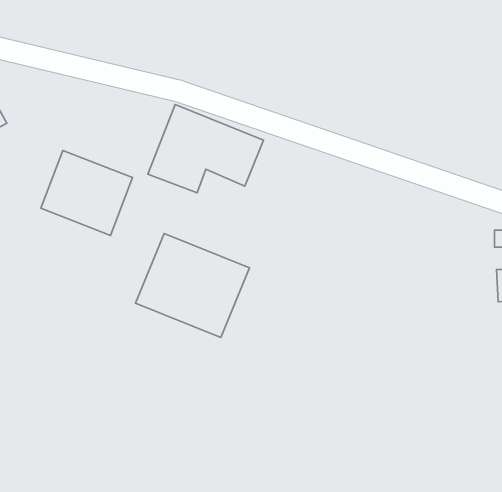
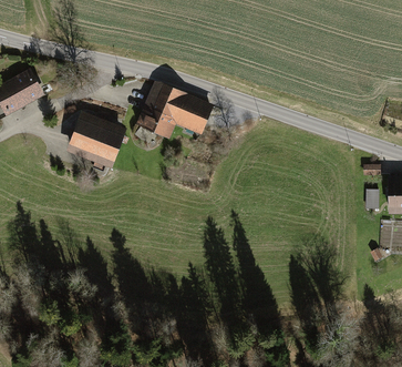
building: [136,234,249,338] -> none

